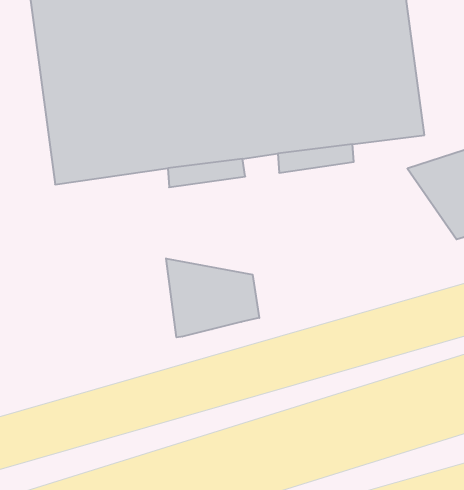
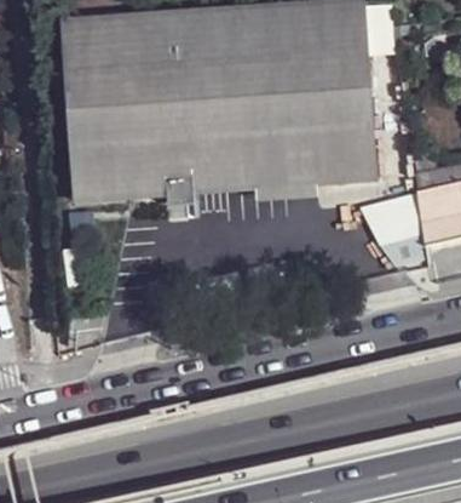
building: [166,258,259,337] -> none

